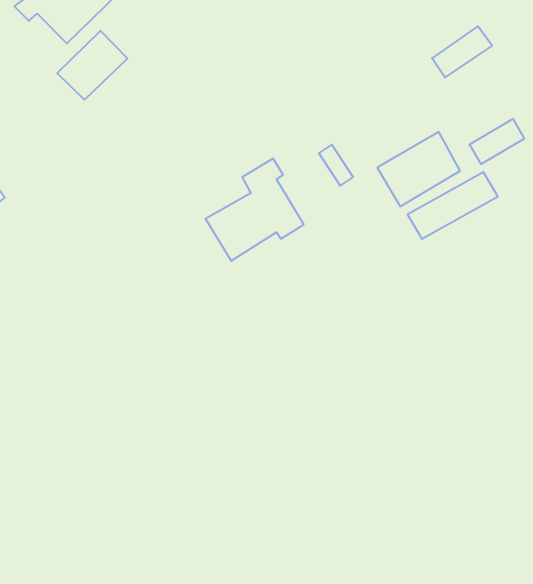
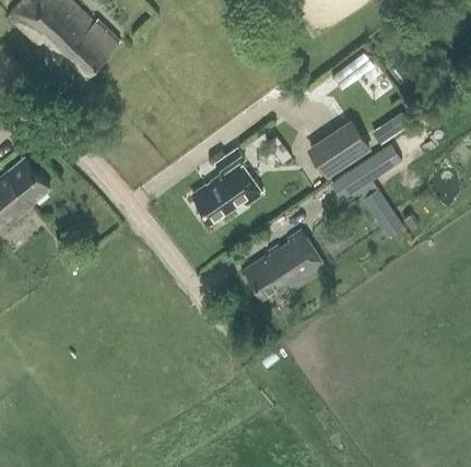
building: [57,31,127,100] -> none
building: none -> [363,190,398,229]
building: none -> [244,234,326,299]

